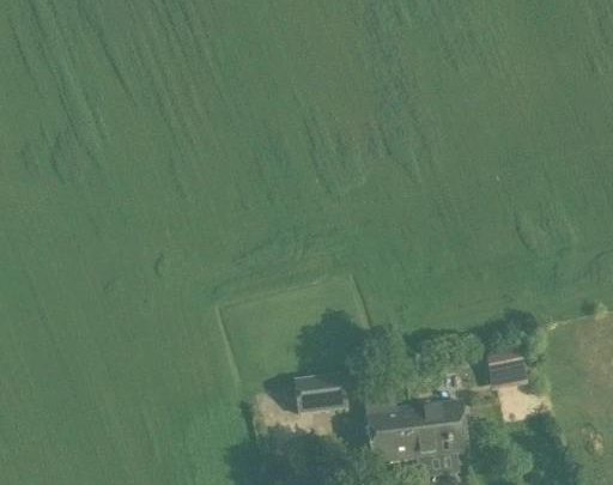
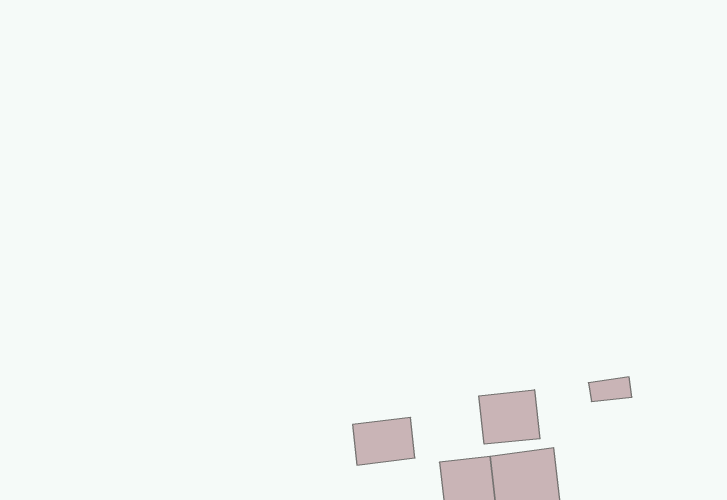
building: none -> [479,390,540,444]
building: [487,358,527,388] -> none

